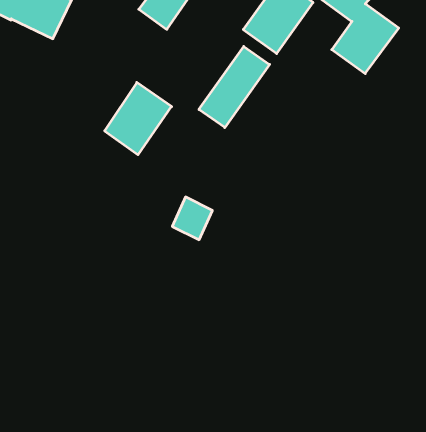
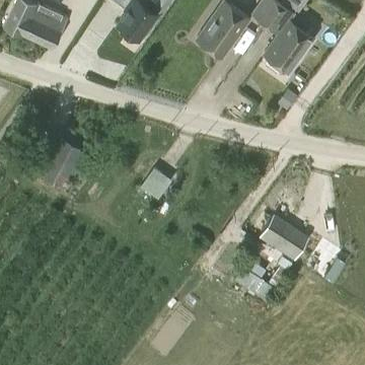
building: [199,46,270,128] -> none
building: [105,82,172,155] -> [40,136,90,191]
building: none -> [261,220,307,261]

